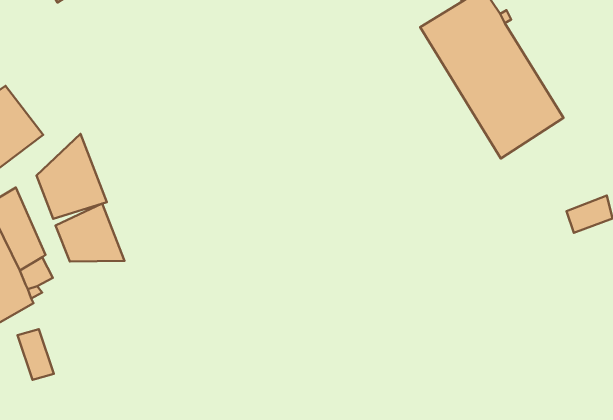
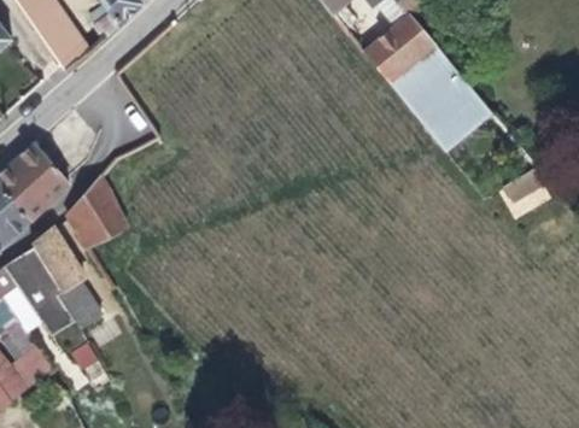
building: [55,204,124,262] -> none

